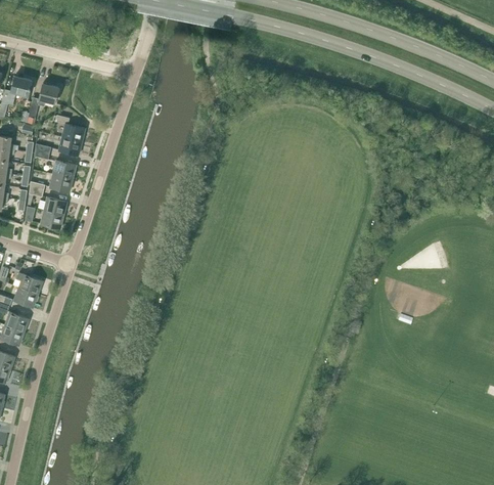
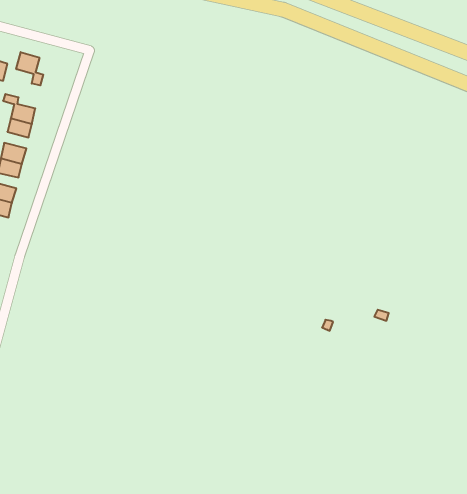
building: none -> [16,52,43,85]

